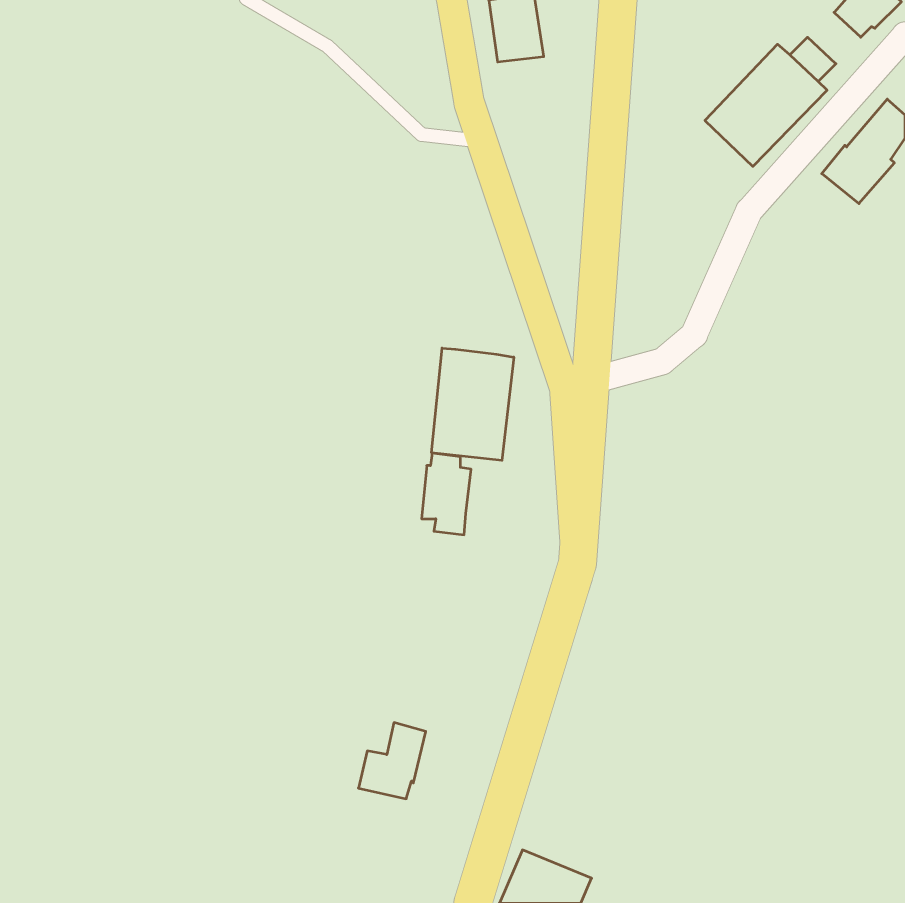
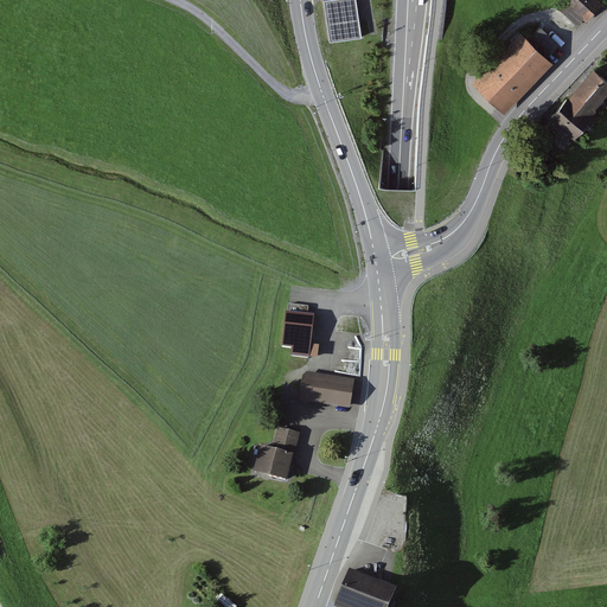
building: [432,348,514,460] -> none
building: none -> [299,371,356,408]
building: [358,723,426,799] -> [255,428,300,479]

